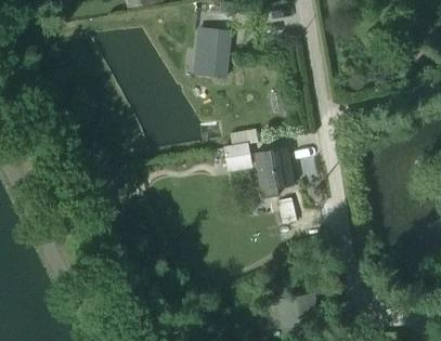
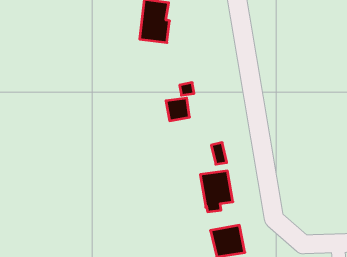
building: [254,148,293,197] -> [200,171,233,212]

